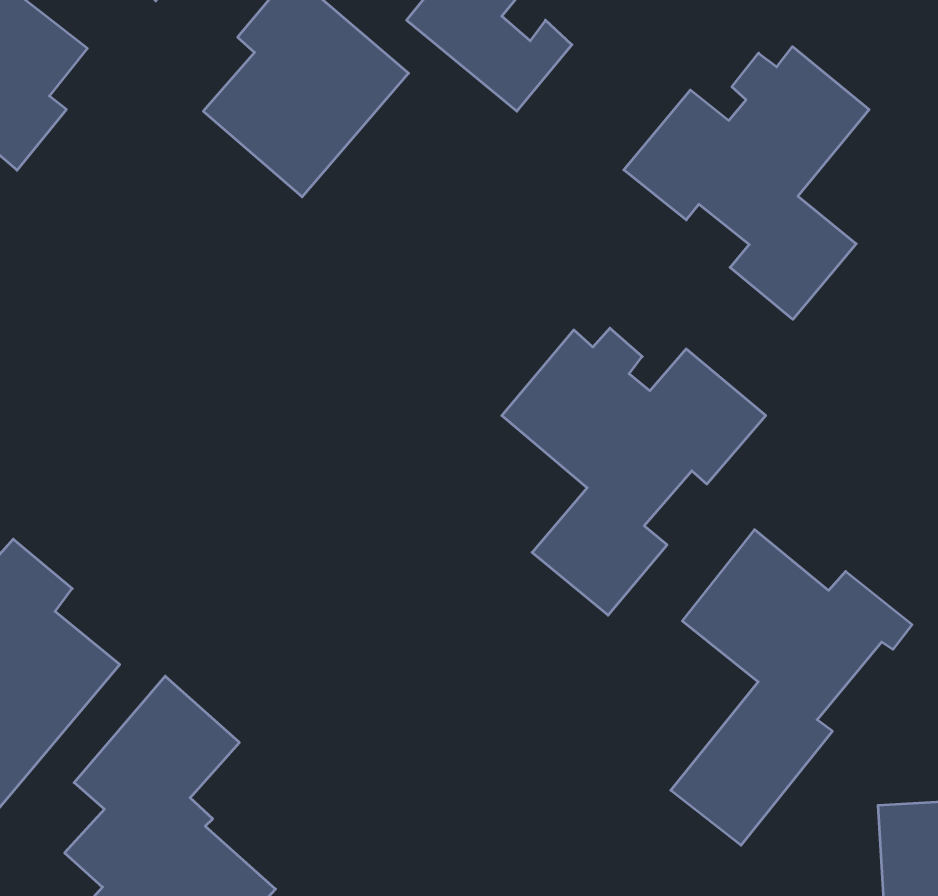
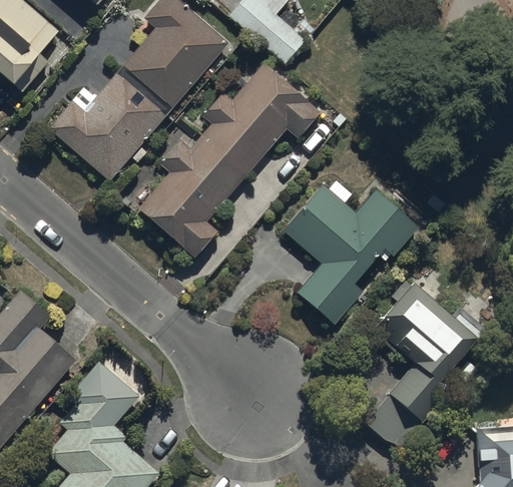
building: [624,47,869,319] -> none
building: none -> [136,65,322,263]
building: none -> [46,73,164,181]

